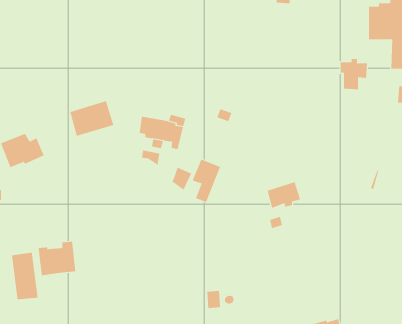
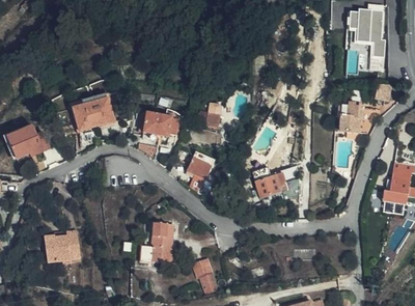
building: [340,58,368,90] -> [338,103,364,132]
building: none -> [139,225,175,262]
building: [11,252,38,300] -> none

